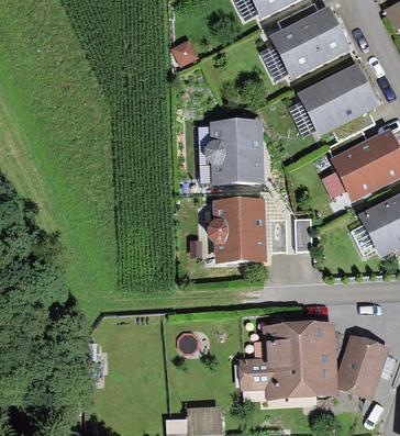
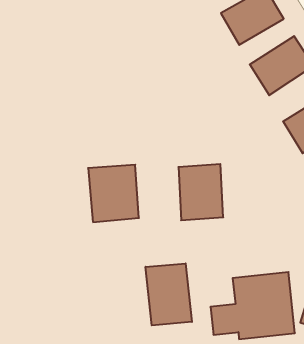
building: [208,122,259,181] -> [88,165,139,222]
building: none -> [146,263,192,325]

